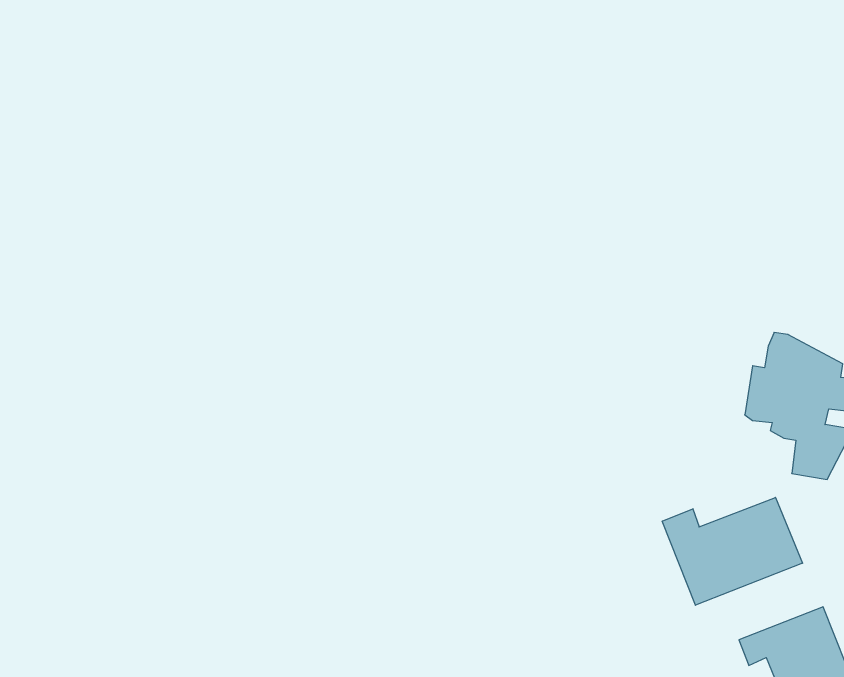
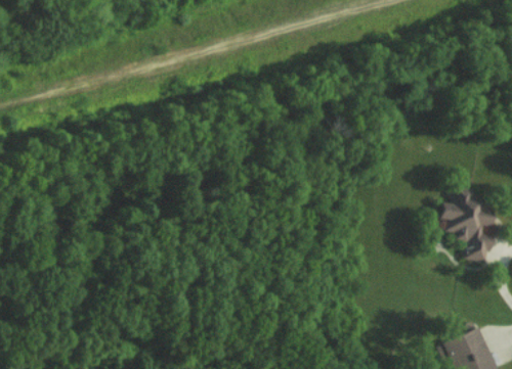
building: [662,497,803,605] -> none

